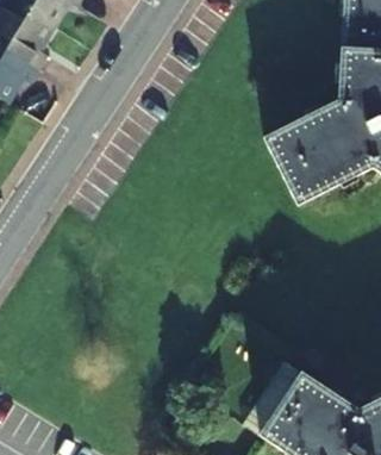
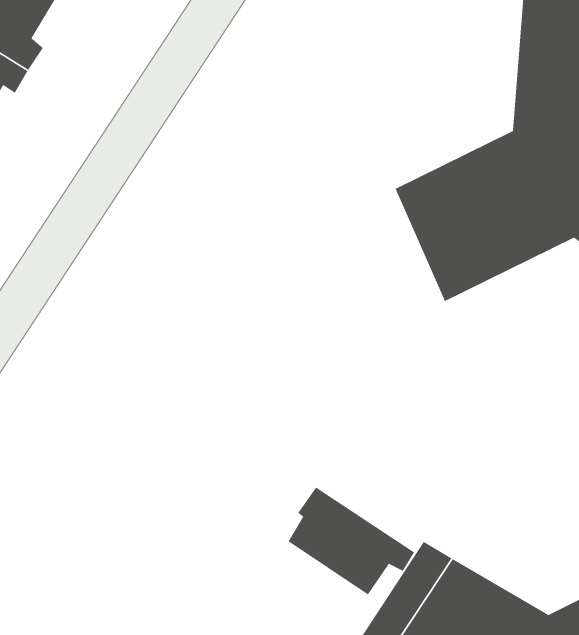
building: none -> [287,487,415,595]

